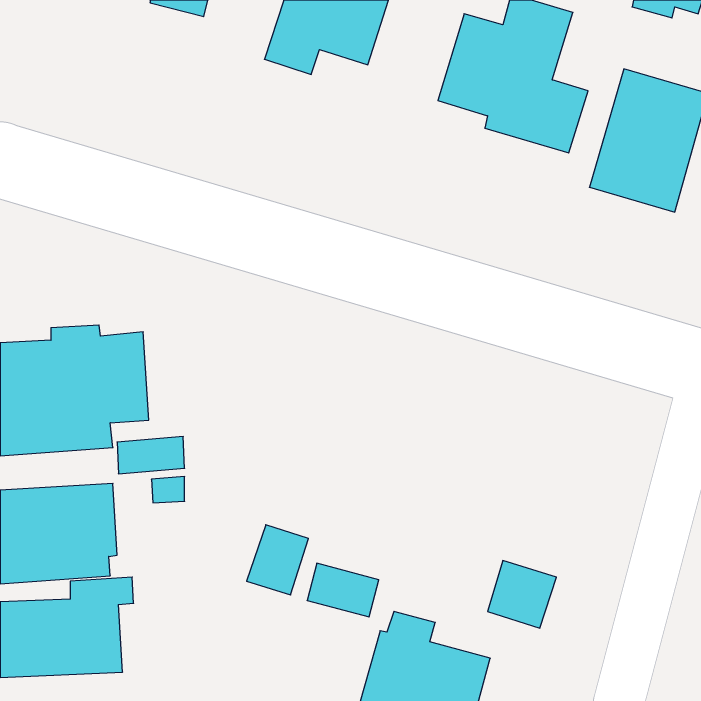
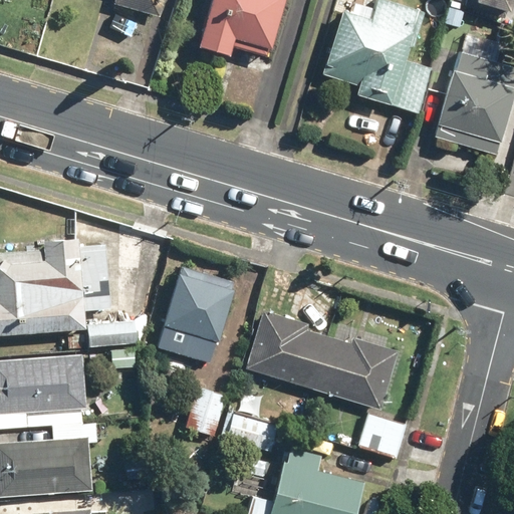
building: none -> [158,265,236,362]
building: none -> [245,310,399,410]

